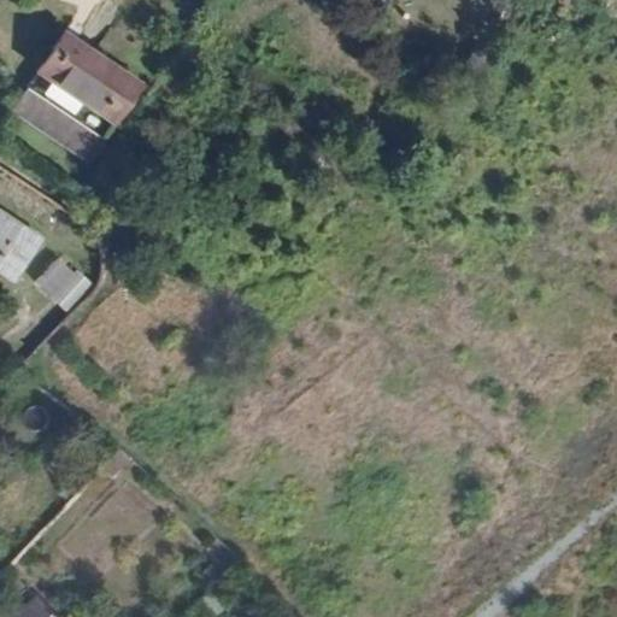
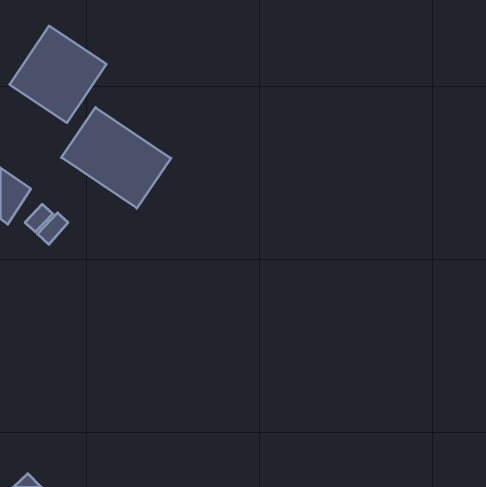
building: none -> [61,107,171,208]

